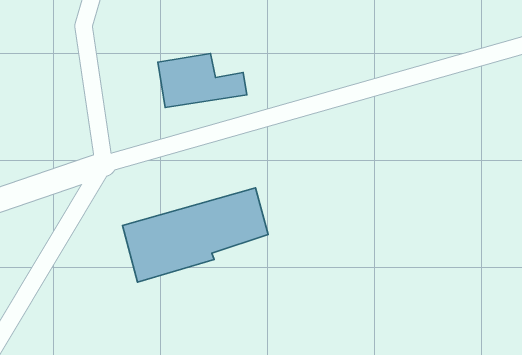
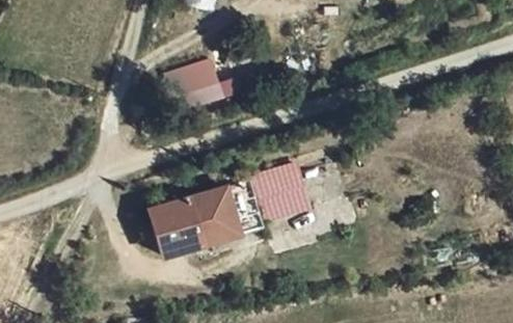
building: none -> [258,165,300,213]

